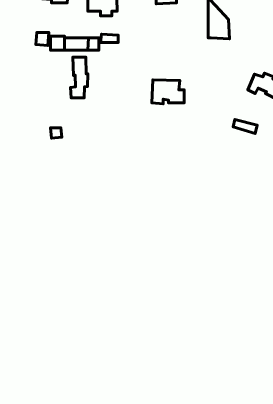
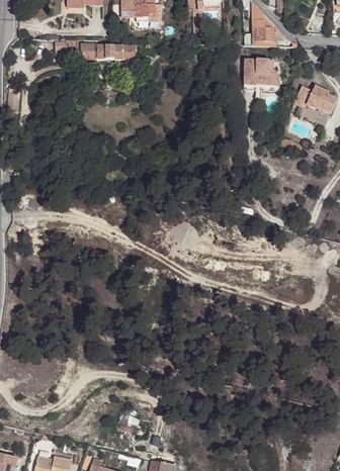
building: [71,57,88,98] -> none
building: [152,80,184,104] -> [243,58,278,84]

